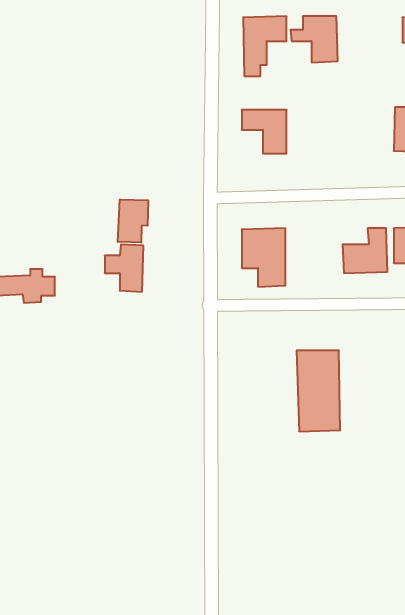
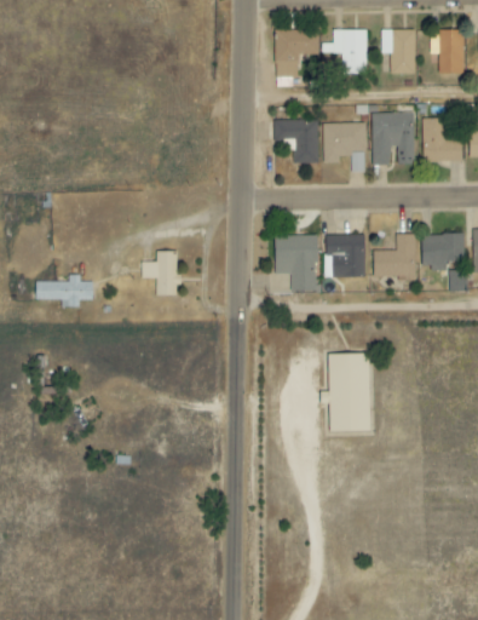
building: none -> [381,29,415,74]
building: none -> [372,113,416,165]
building: none -> [323,122,365,172]
building: [118,199,148,243] -> none
building: none -> [326,234,367,277]

